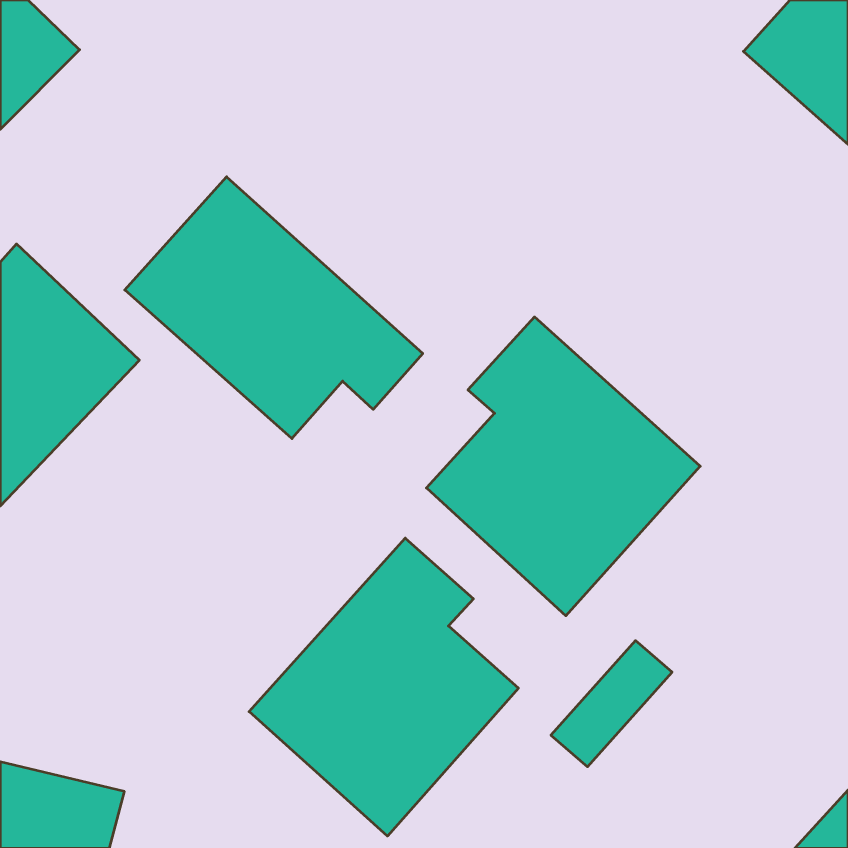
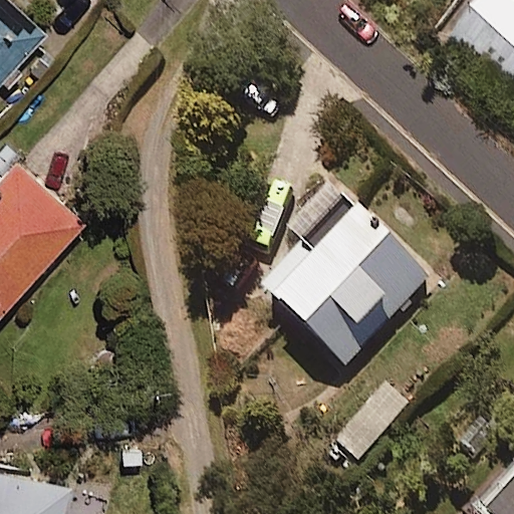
building: [125,177,423,439] -> none
building: [249,538,518,836] -> none

